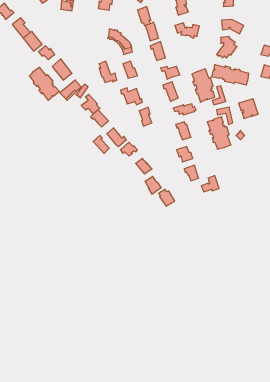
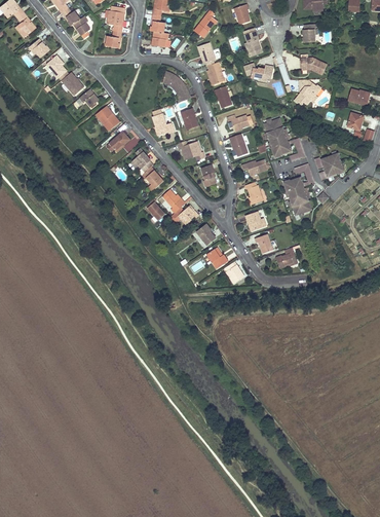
building: [212,64,249,85] -> none
building: [29,67,59,100] -> none

